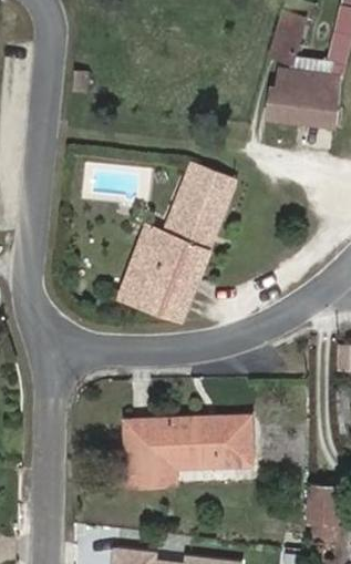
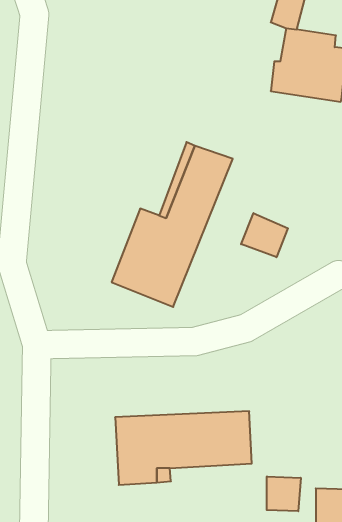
building: none -> [241,213,288,257]
building: none -> [267,476,301,511]

